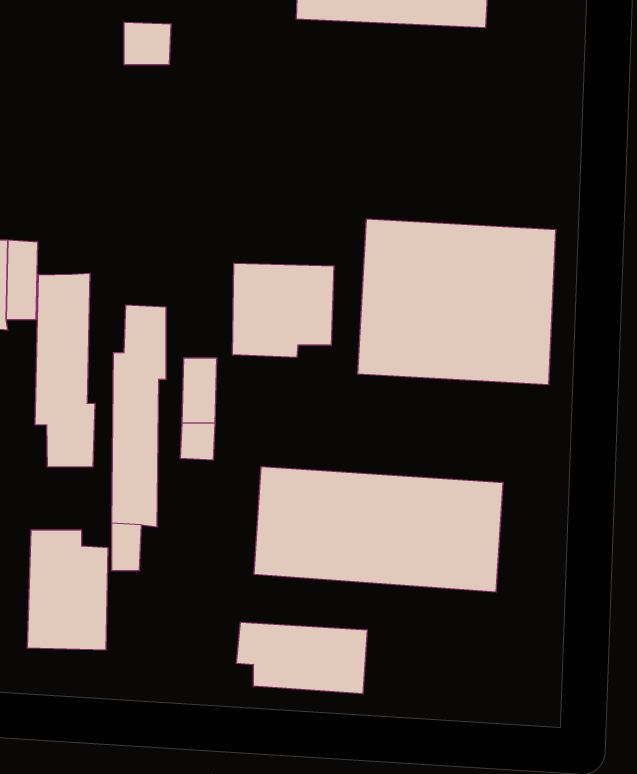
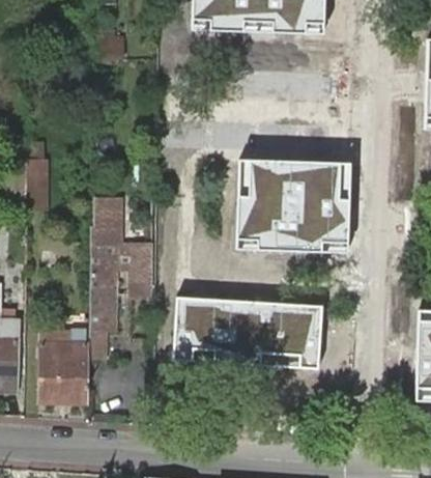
building: [232,263,334,357] -> none
building: [35,273,95,467] -> none
building: [237,622,367,694] -> none

